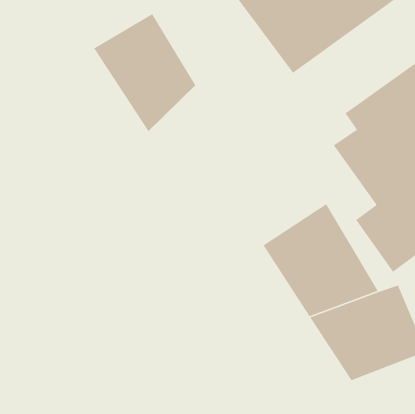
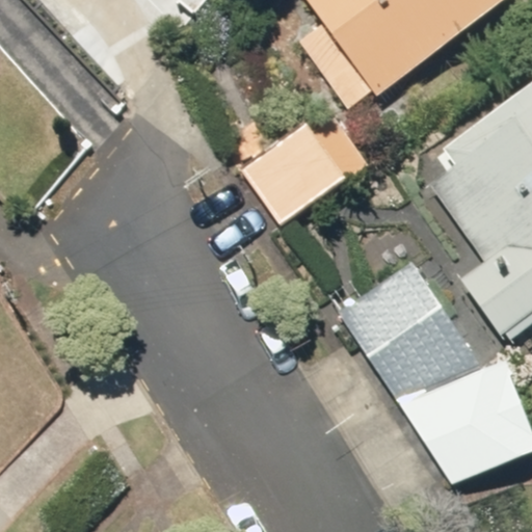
building: [93,13,196,132] -> none
building: none -> [237,114,371,224]

